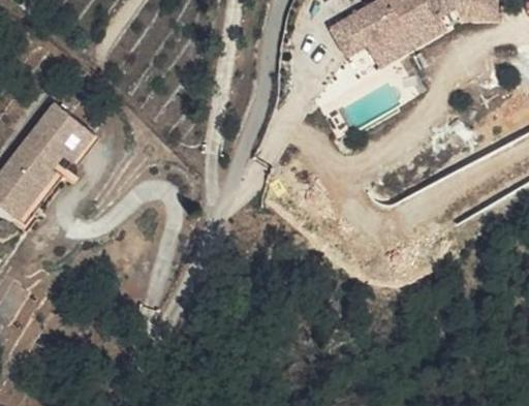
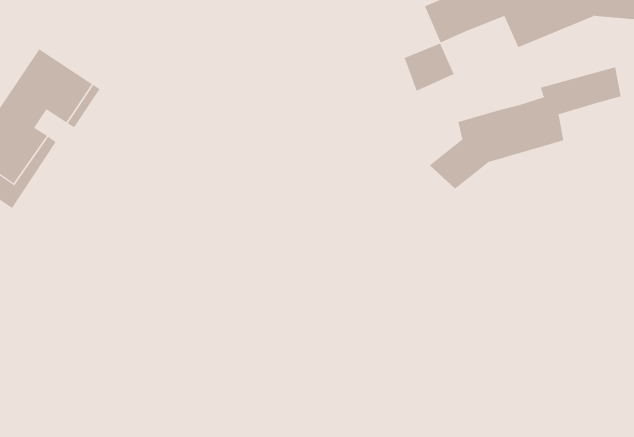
building: [365,30,405,69] -> [404,43,454,91]
building: none -> [429,66,621,190]

